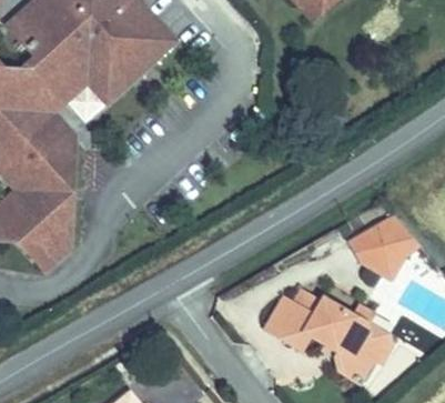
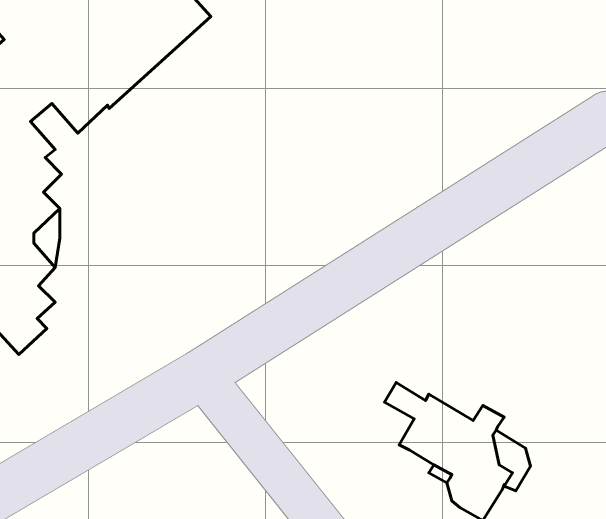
building: [348,206,424,281] -> none
building: [265,296,313,349] -> none

